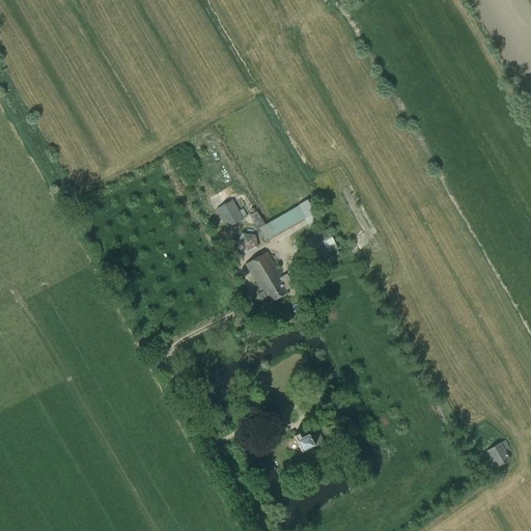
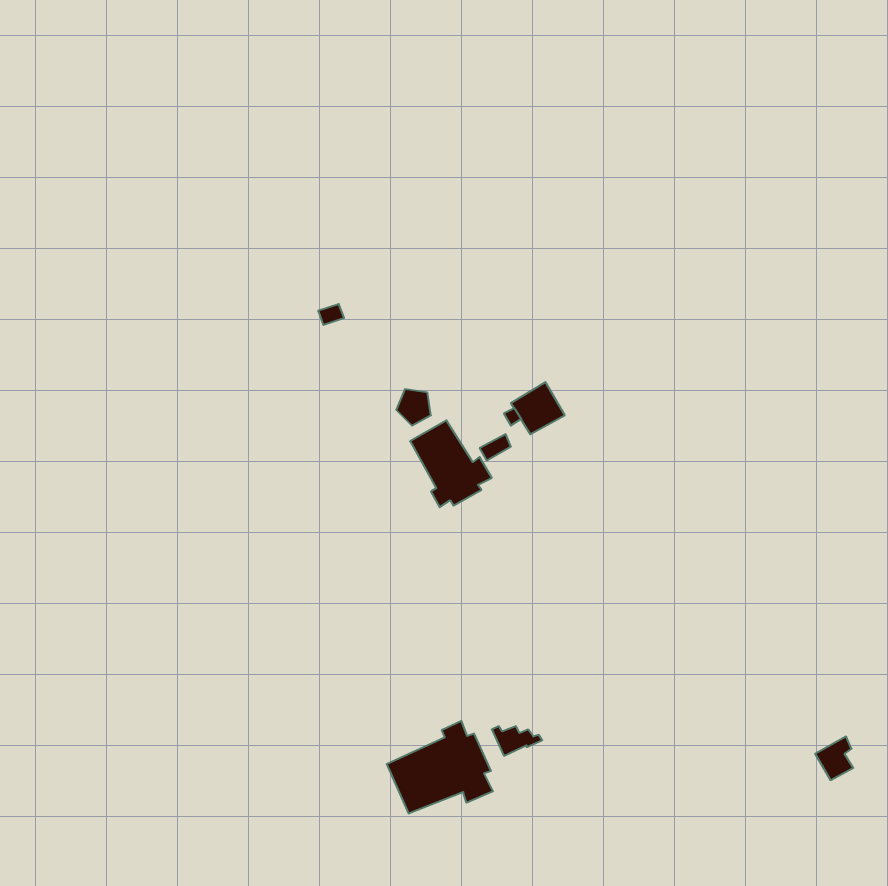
building: [216,199,244,228] -> none
building: [250,205,306,242] -> none
building: none -> [387,721,493,814]

